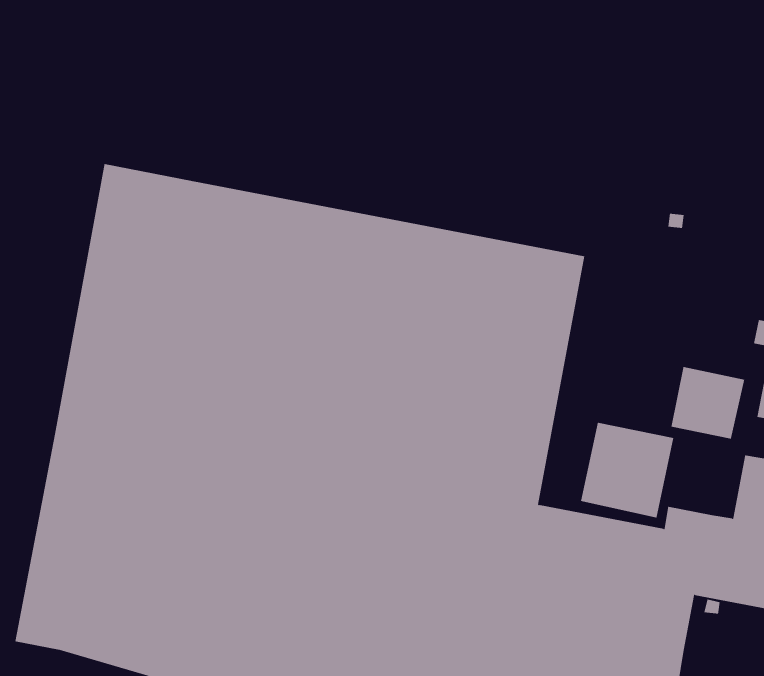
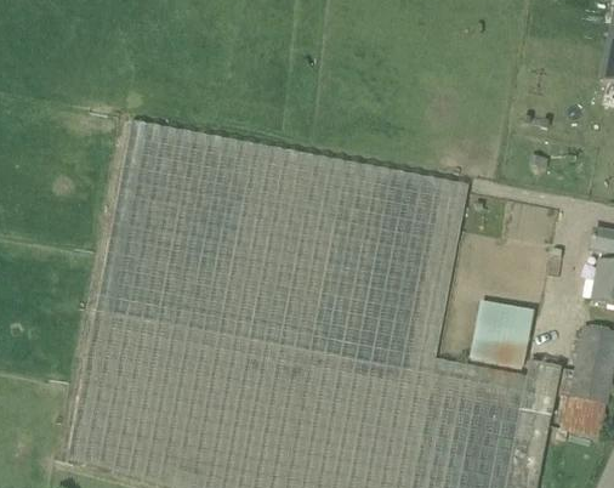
building: [671,366,745,440] -> none

